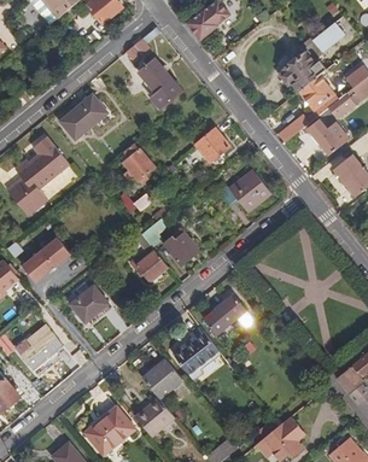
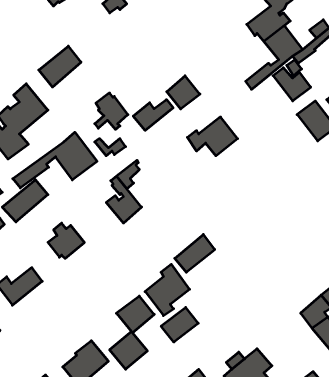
building: [140,58,182,109] -> none
building: none -> [133,100,173,130]
building: none -> [13,132,97,188]
building: [164,232,199,265] -> none
building: none -> [161,307,198,342]

